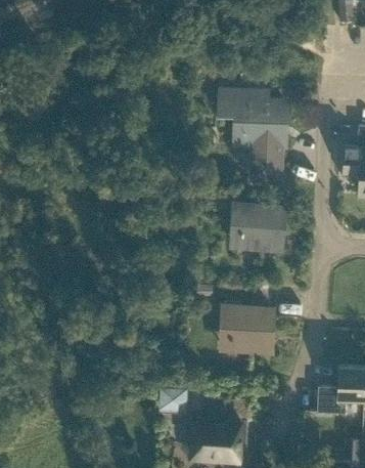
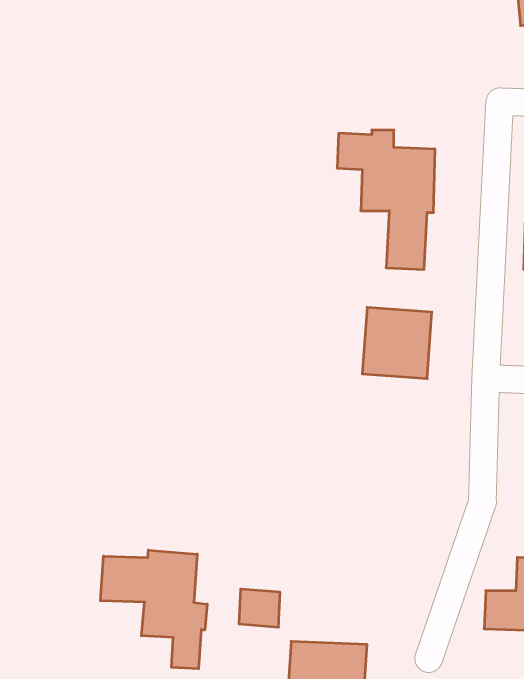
building: [230,307,272,351] -> none
building: none -> [100,550,207,669]

